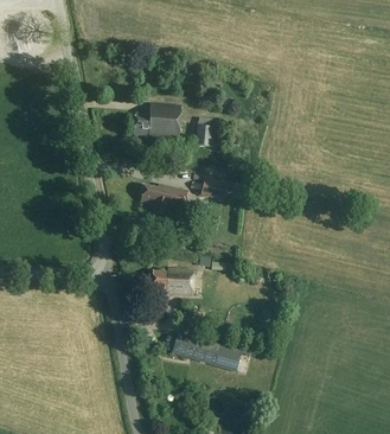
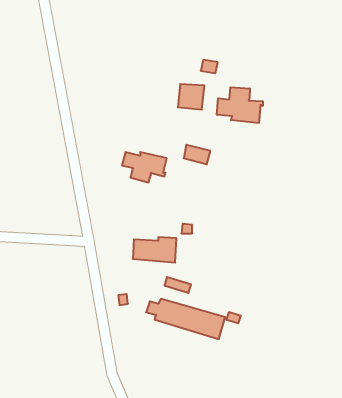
building: [132,104,180,138] -> none
building: none -> [217,87,263,123]

